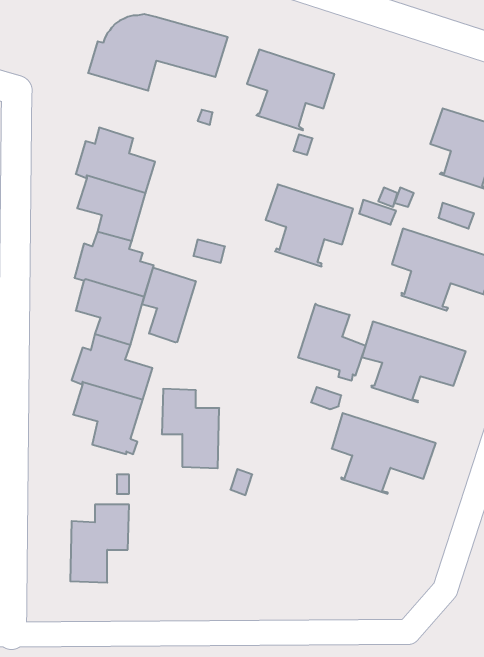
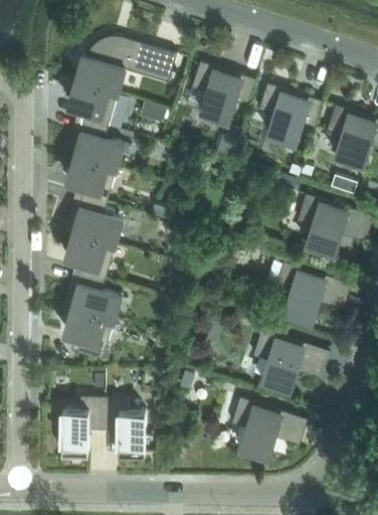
building: none -> [68,80,119,129]
building: [266,184,353,266] -> [258,84,323,145]
building: [142,267,196,342] -> none
building: [298,304,365,381] -> none
building: [162,389,219,468] -> [104,398,146,457]
building: none -> [231,398,308,459]

